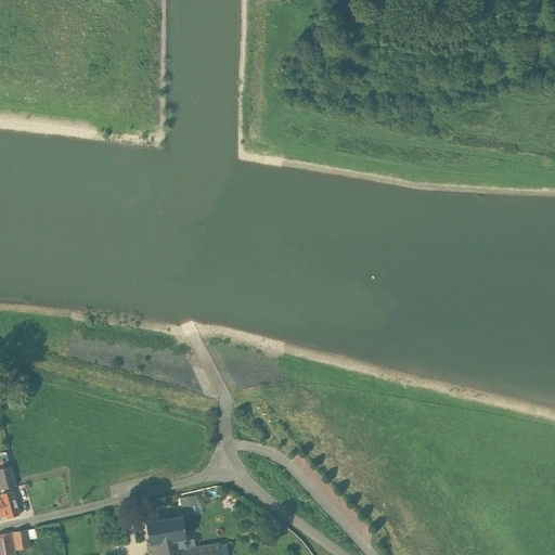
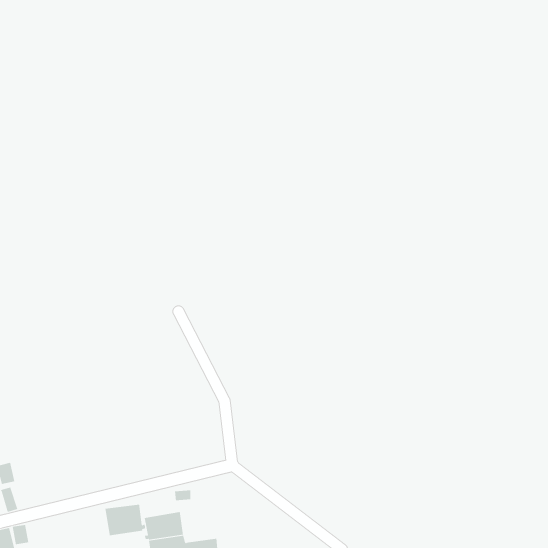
building: none -> [105,504,145,536]

